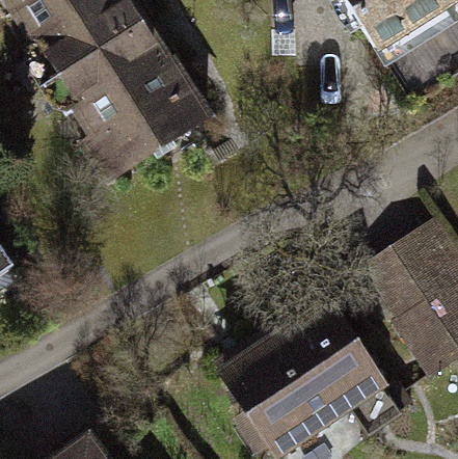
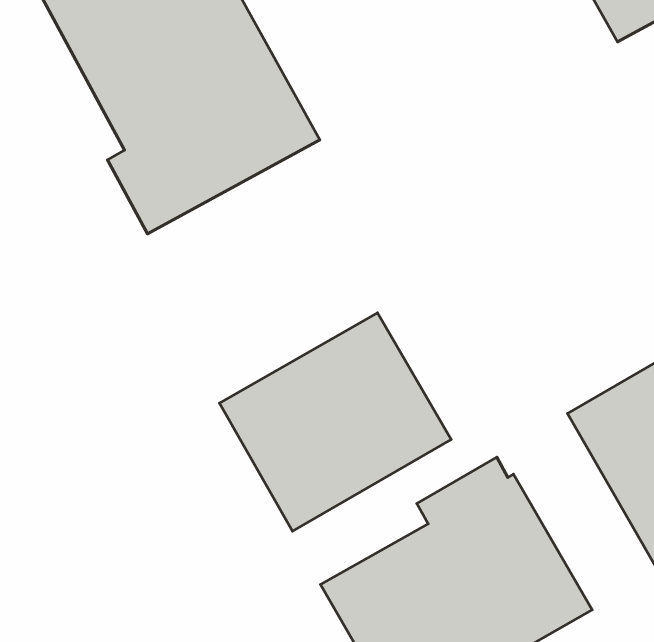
building: none -> [219,313,451,531]

